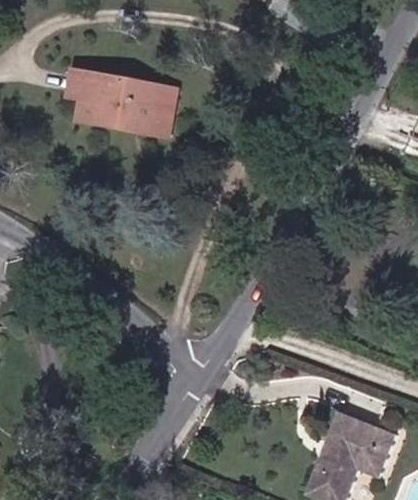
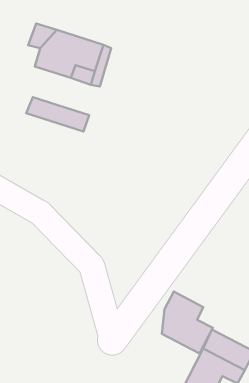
building: none -> [26,97,89,132]
building: none -> [162,292,213,353]

